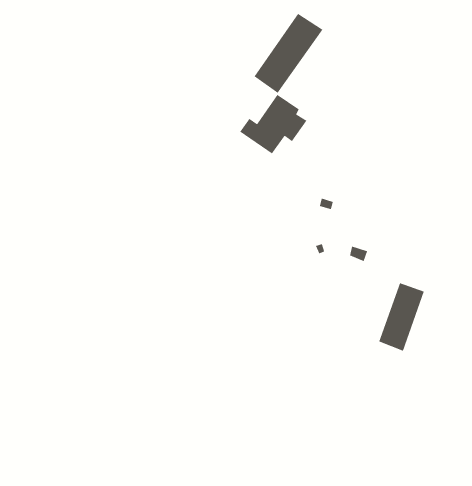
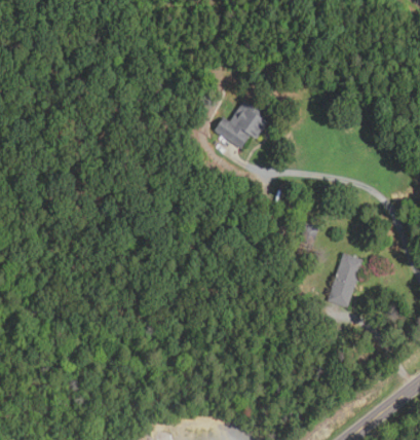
building: [254,13,323,94] -> none

